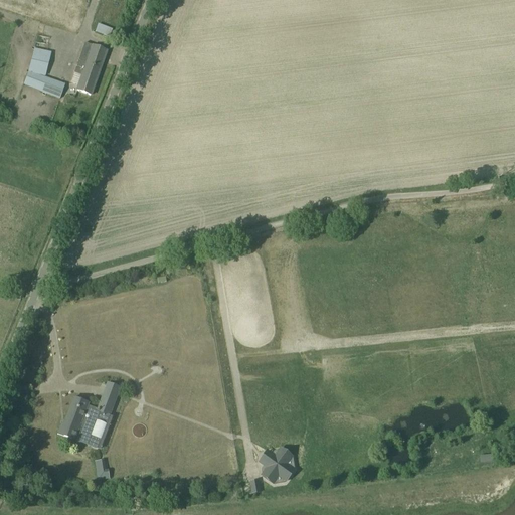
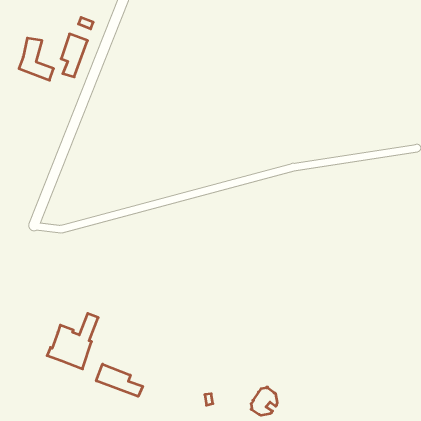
building: none -> [96,364,143,396]
building: [263,448,295,482] -> [251,387,277,415]

